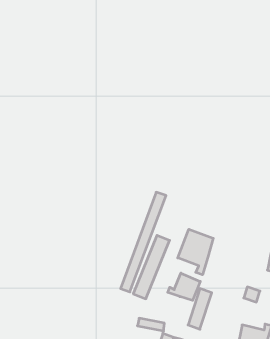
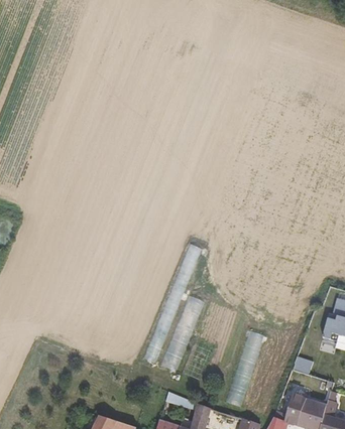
building: [178,229,213,275] -> none
building: [168,273,200,300] -> none

